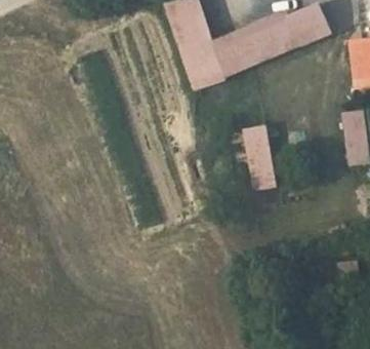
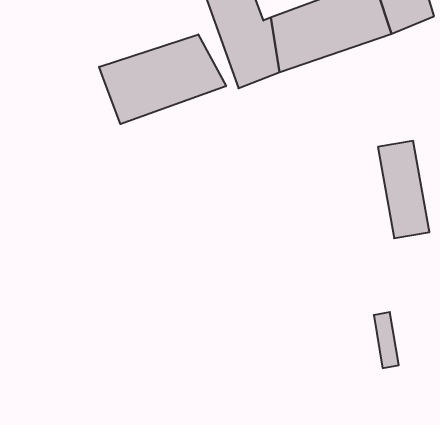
building: none -> [99,34,226,124]
building: [240,124,276,192] -> [378,141,429,238]

